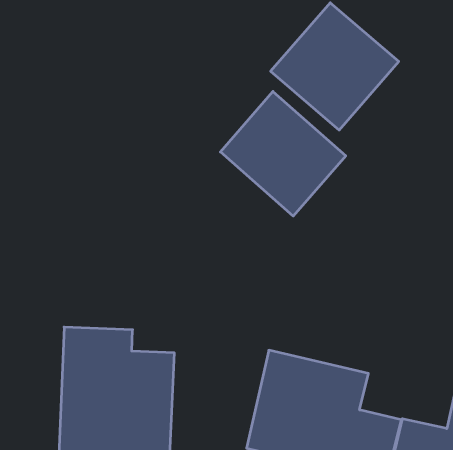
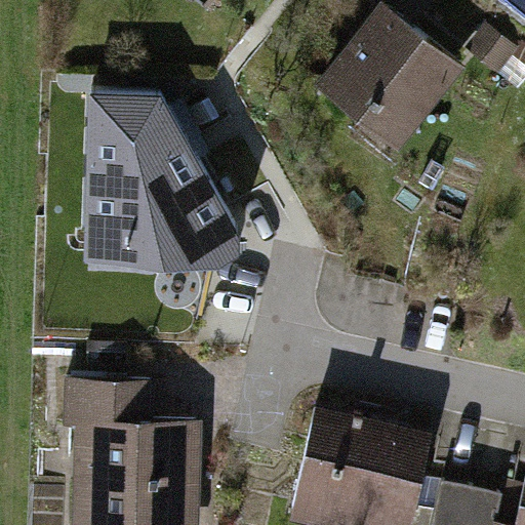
building: none -> [81,82,239,253]
building: [220,91,346,216] -> none

